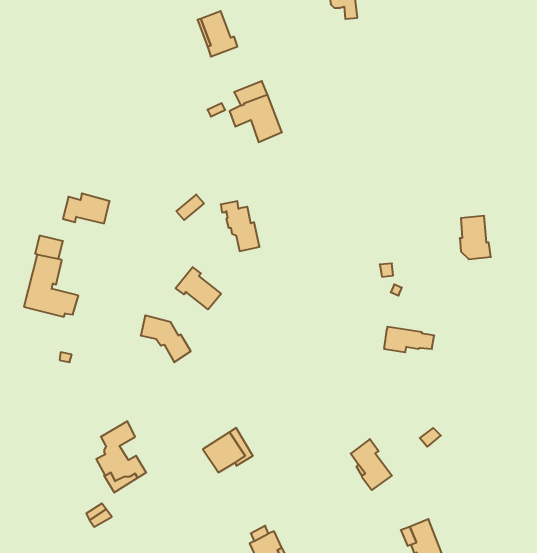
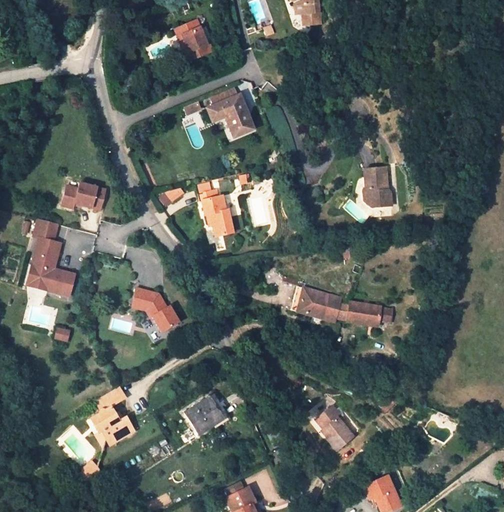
building: [460,216,491,259] -> [368,168,396,207]
building: [176,267,221,309] -> none
building: none -> [292,286,350,321]

